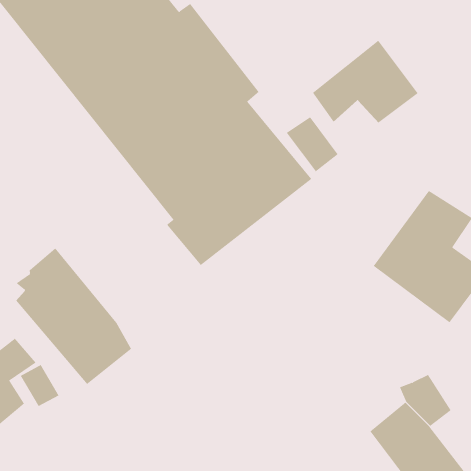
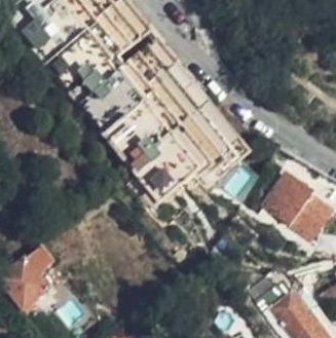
building: [312,40,419,123] -> none
building: [15,247,132,385] -> none

